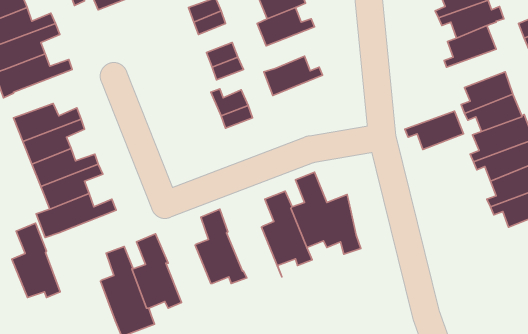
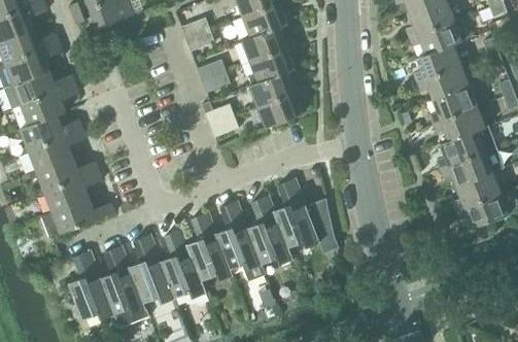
building: none -> [249,44,298,84]
building: none -> [21,83,78,125]
building: none -> [257,89,306,127]
building: [405,111,463,149] -> [416,65,470,100]
building: none -> [215,200,266,280]
building: [12,223,60,297] -> [69,250,113,318]
building: none -> [160,228,207,297]

